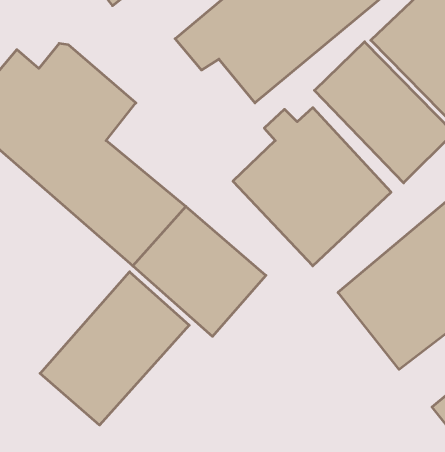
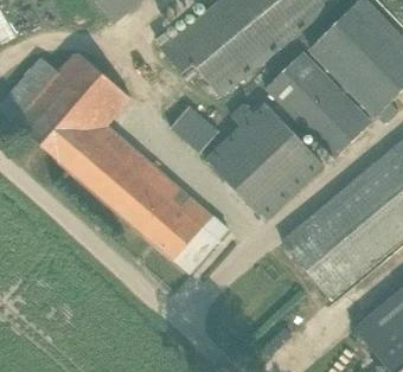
building: none -> [168,104,218,153]
building: [40,272,189,425] -> none

